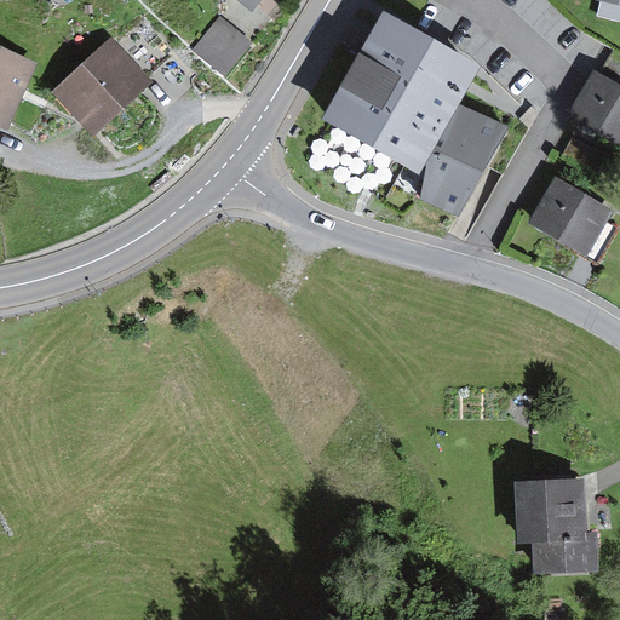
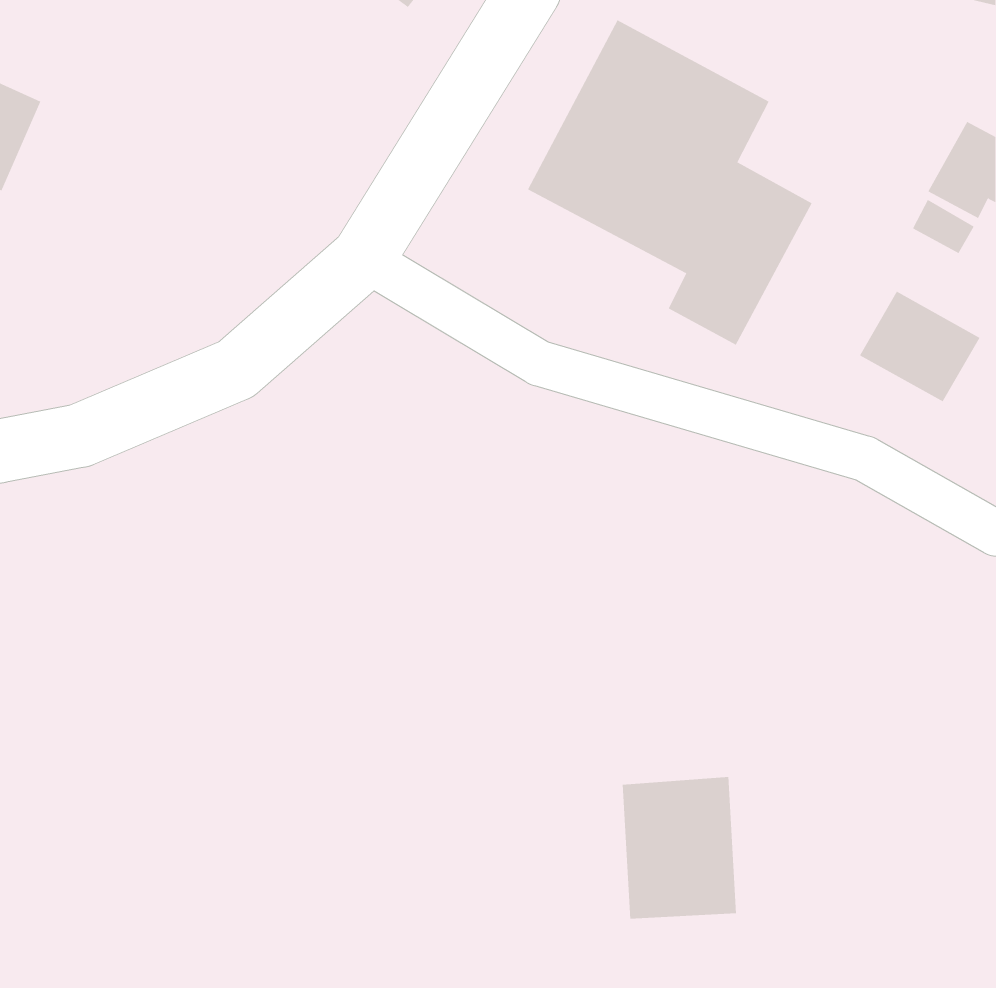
building: [186,18,237,70] -> none
building: [59,44,143,126] -> none
building: [521,478,592,567] -> [622,777,737,919]

